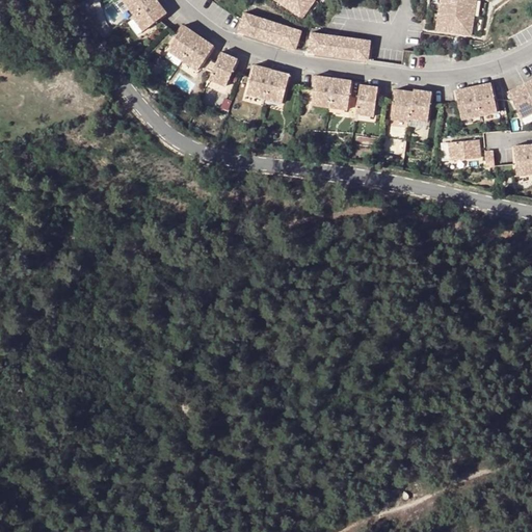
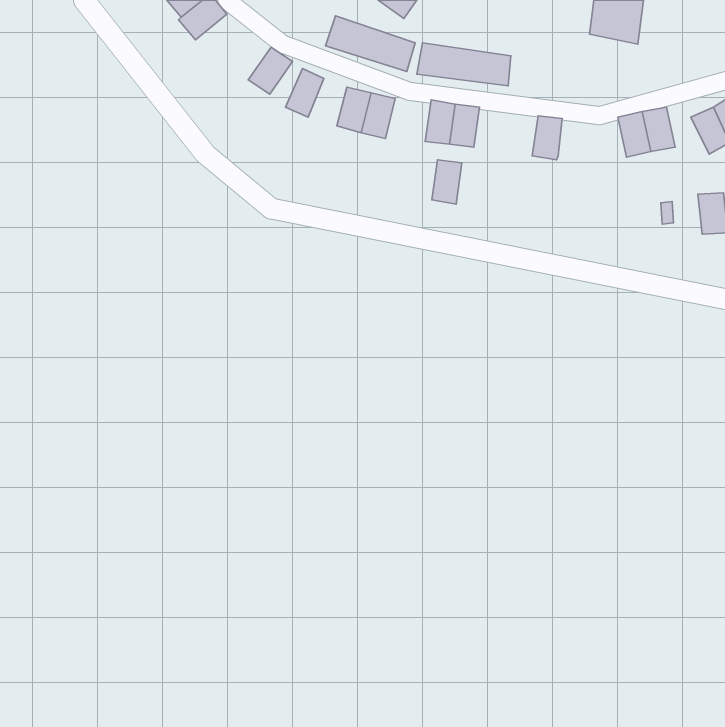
building: [169,26,201,60] -> none
building: [356,81,378,113] -> [432,160,462,204]
building: [409,86,430,118] -> none
building: [448,137,479,158] -> none

